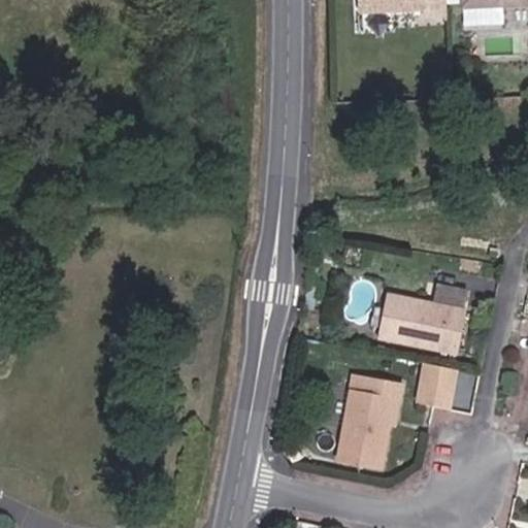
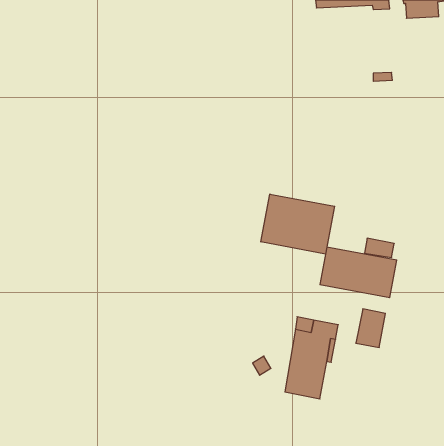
building: none -> [261,194,335,254]

